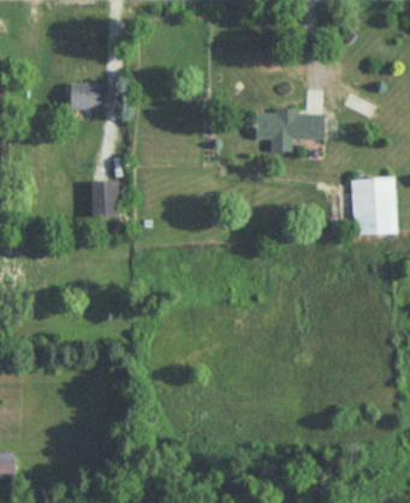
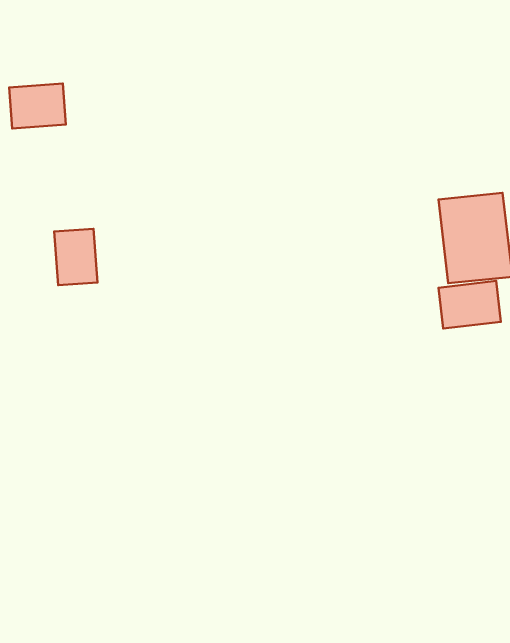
building: [254,112,322,151] -> none
building: none -> [438,281,501,329]

